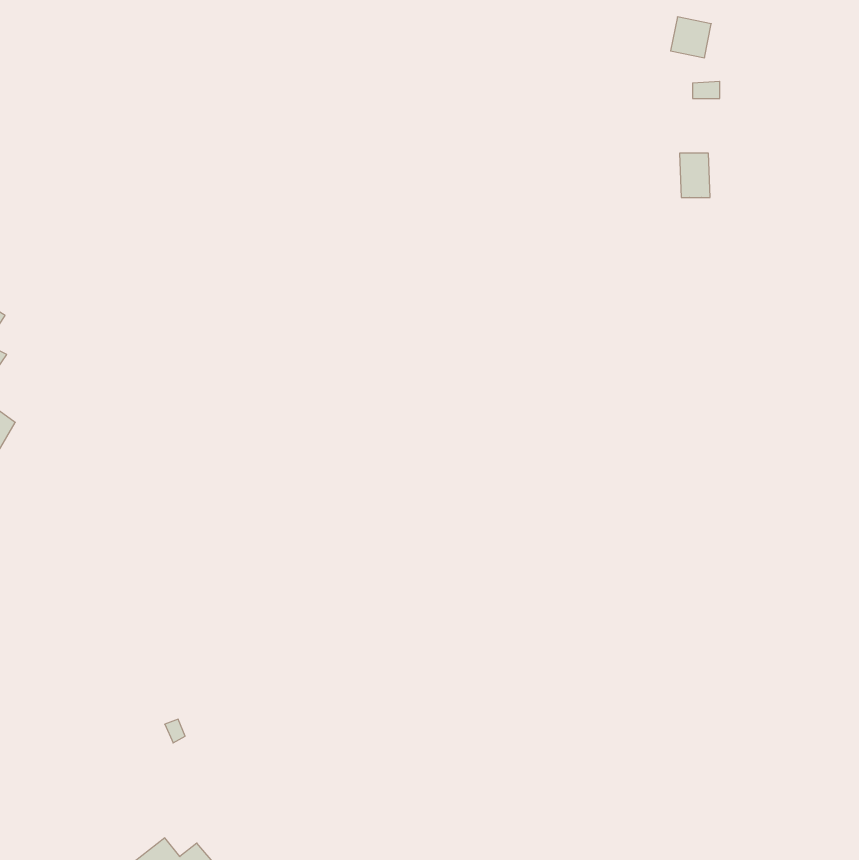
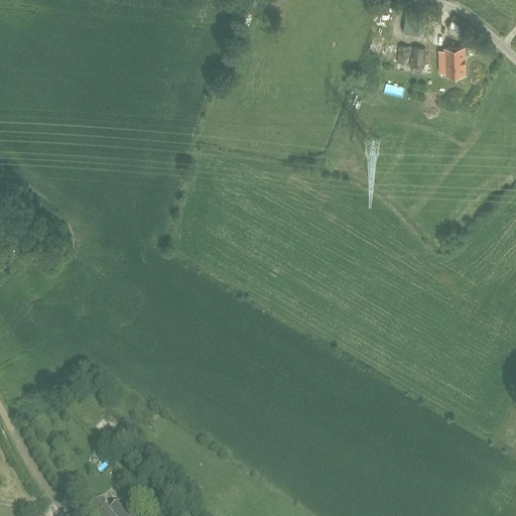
building: [680,153,710,197] -> [438,51,457,78]

